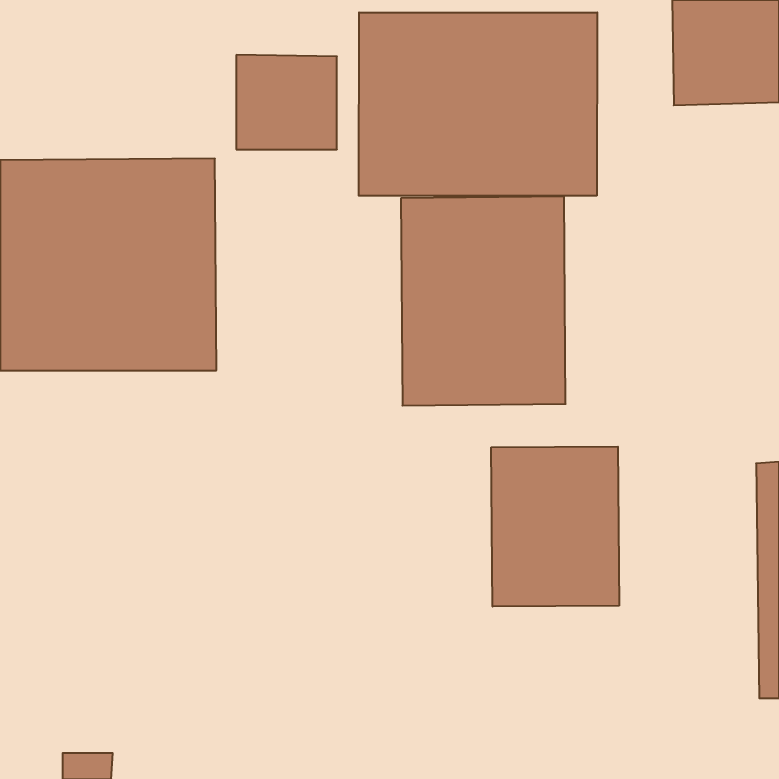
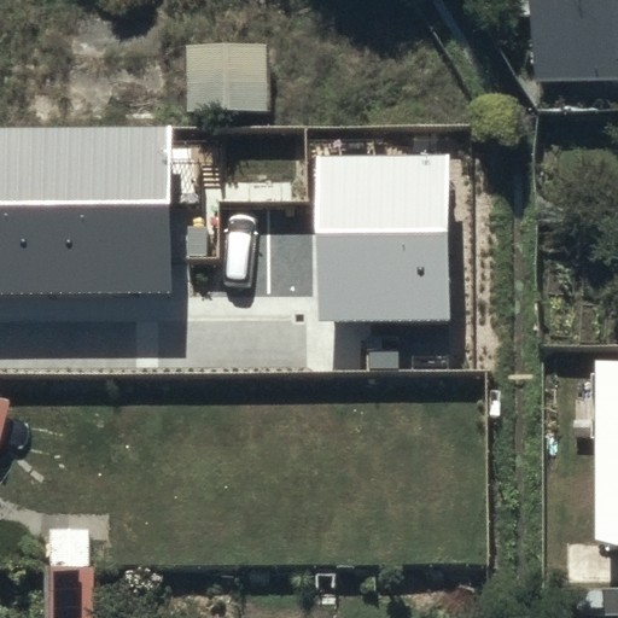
building: [359,12,597,196] -> none
building: [491,447,619,607] -> none

